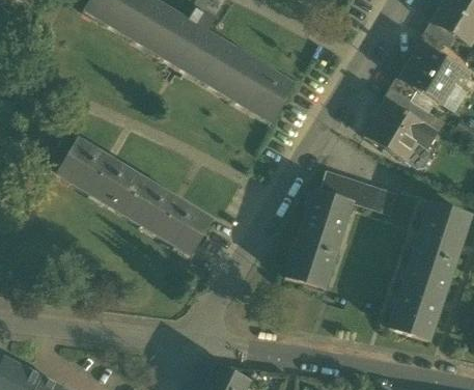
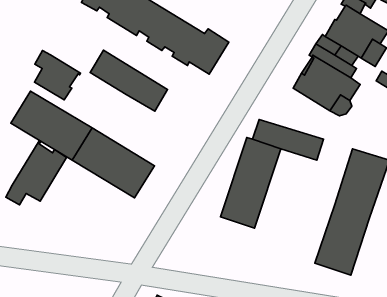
building: none -> [90,50,168,111]
building: none -> [35,51,81,100]
building: none -> [6,141,66,205]

